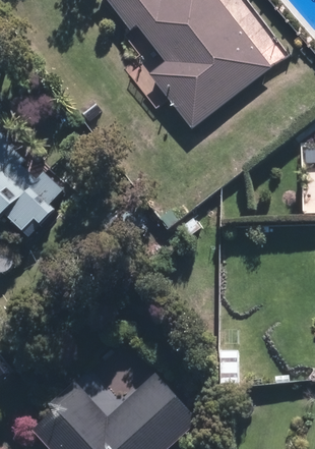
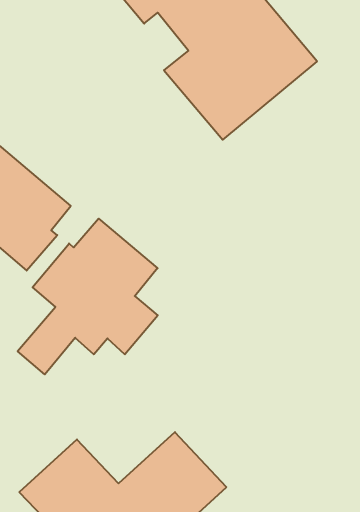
building: none -> [18,219,158,374]

